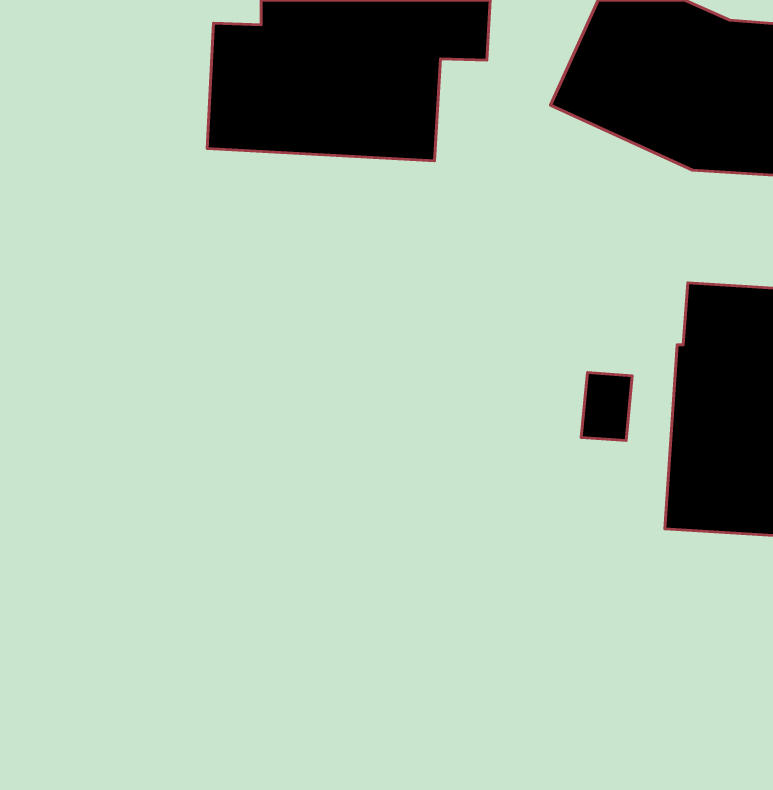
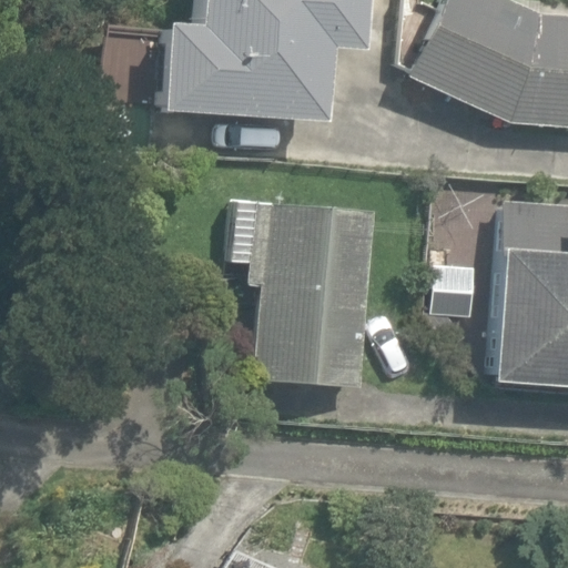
building: none -> [233,201,373,388]

